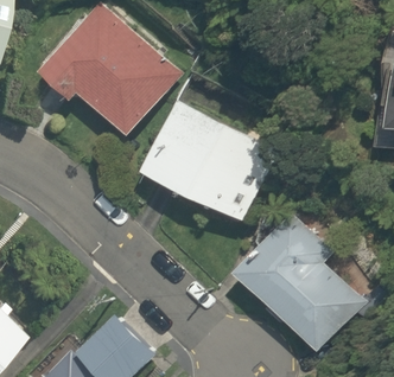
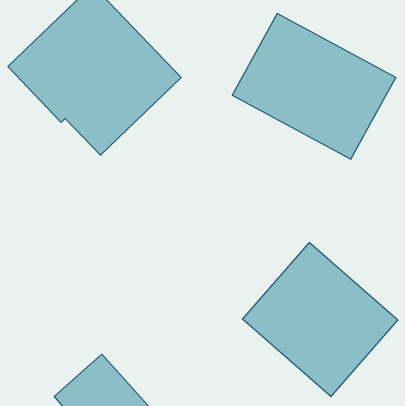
building: [139,101,281,228] -> [232,13,396,159]

